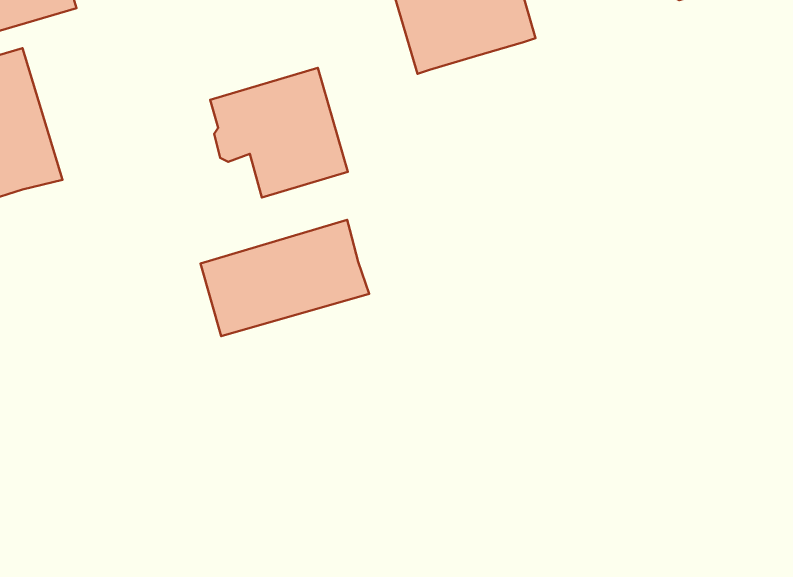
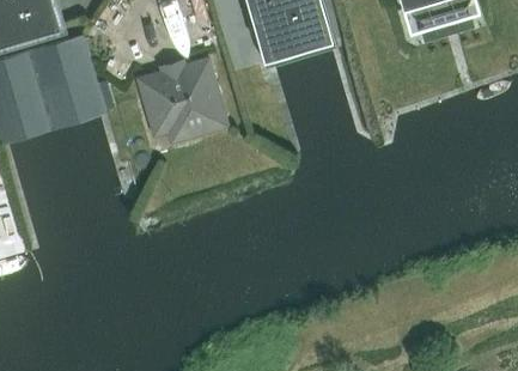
building: none -> [29,36,105,130]
building: [200,220,369,336] -> none

